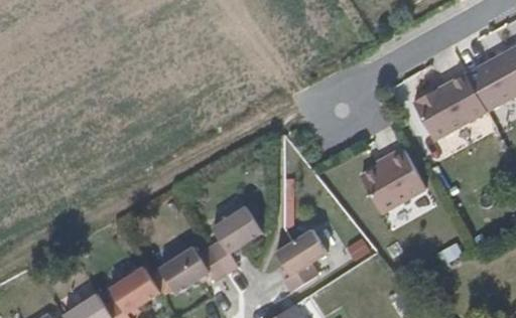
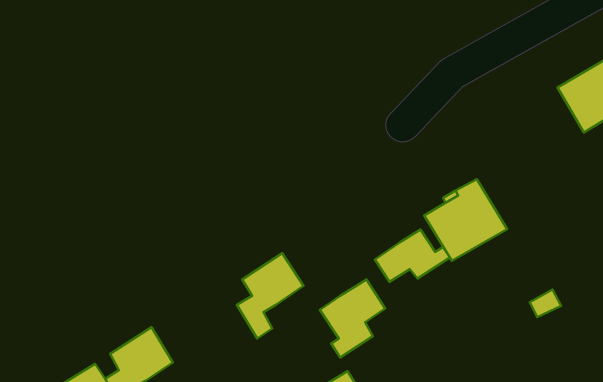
building: [413,73,488,142] -> none
building: none -> [375,229,450,282]
building: [159,249,226,296] -> none

